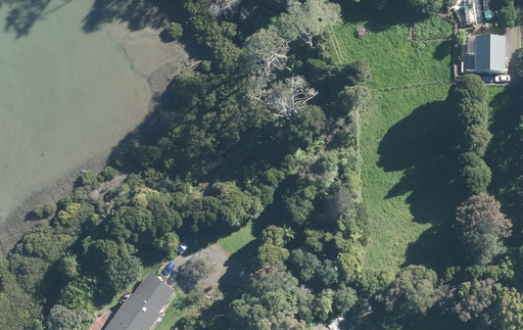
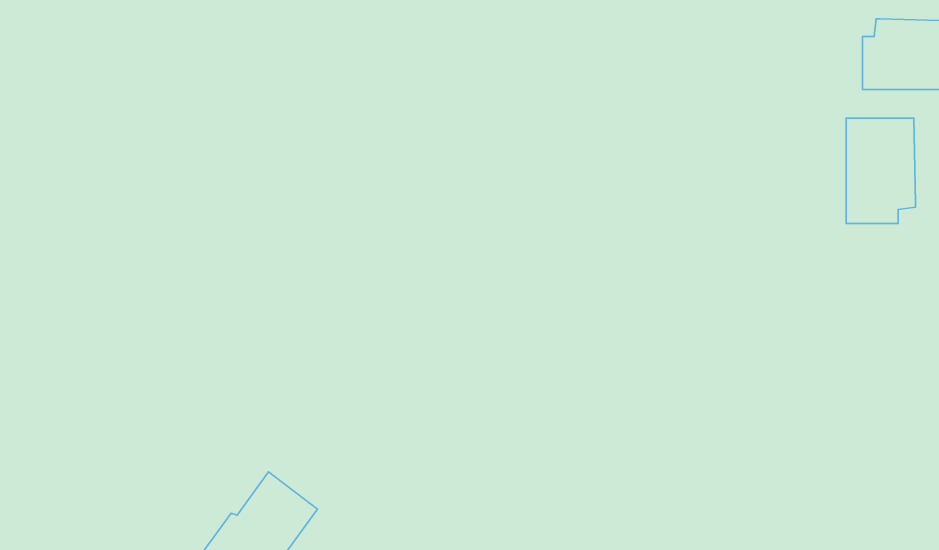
building: none -> [846,118,916,224]

